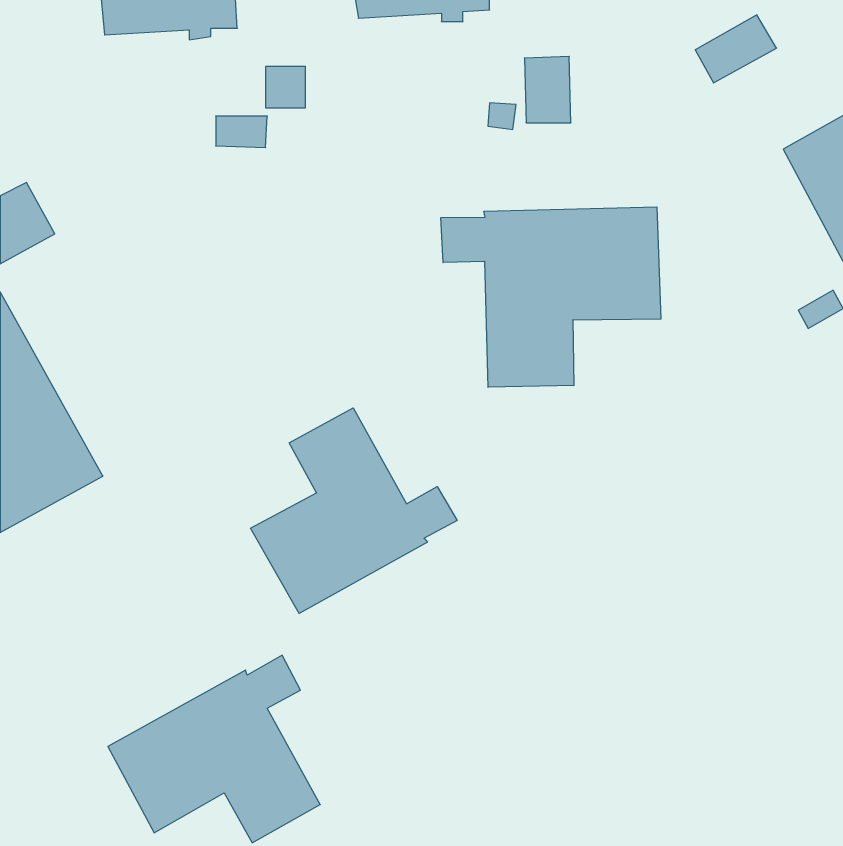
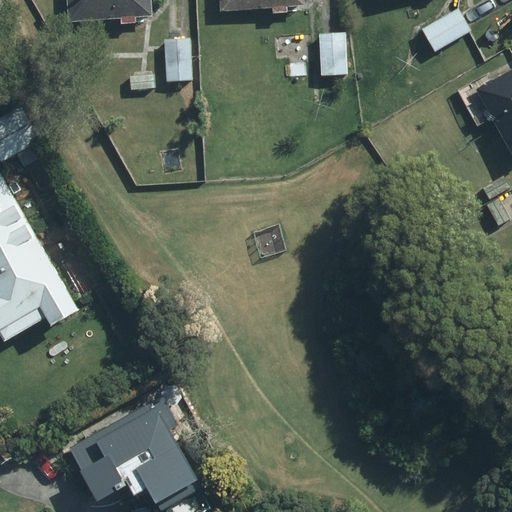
building: [441,207,661,387] -> none
building: [251,408,457,613] -> none

